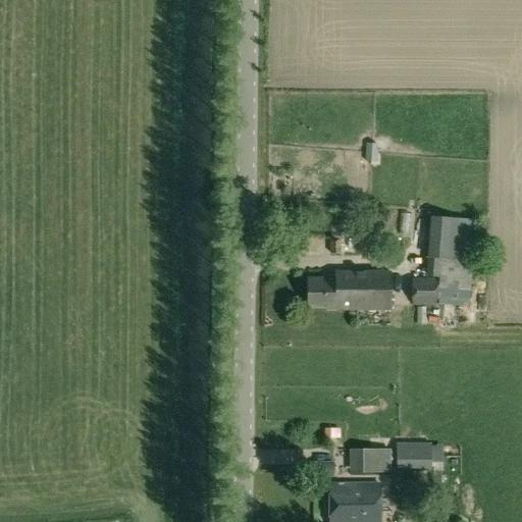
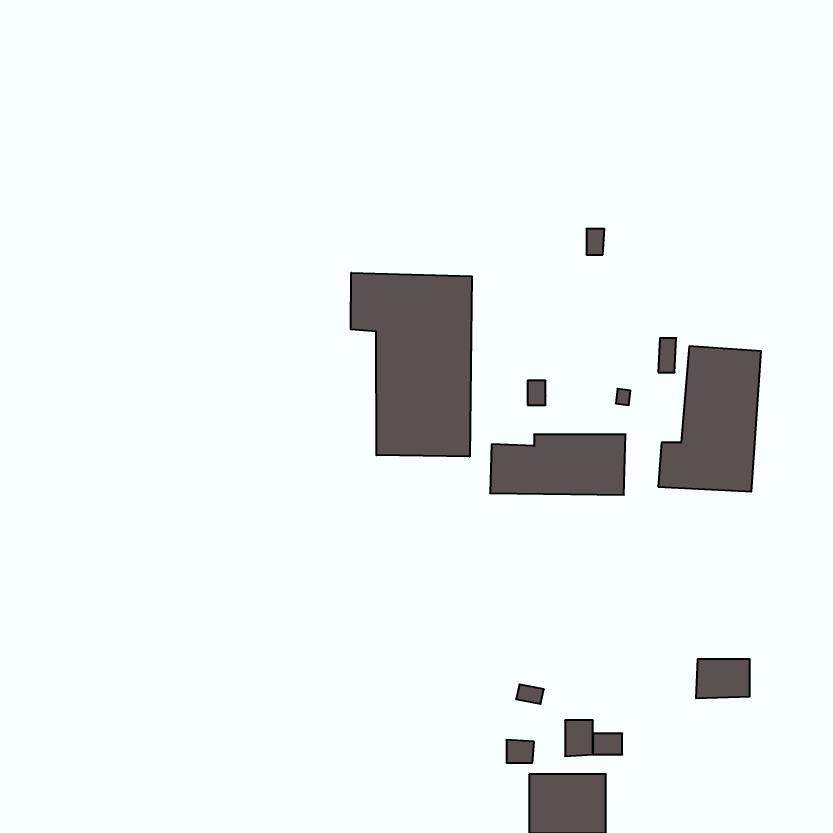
building: none -> [351,273,472,457]
building: [400,445,433,469] -> [696,659,750,698]

